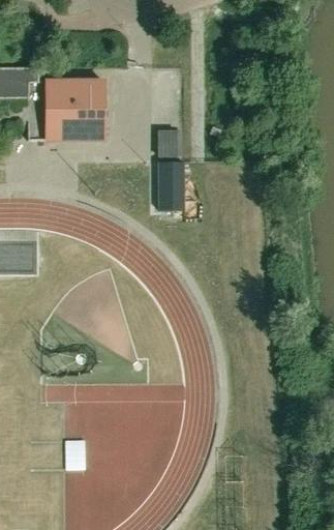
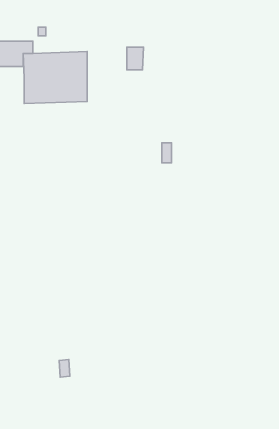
building: [158,128,178,155] -> [127,47,143,70]
building: [158,161,184,209] -> none

